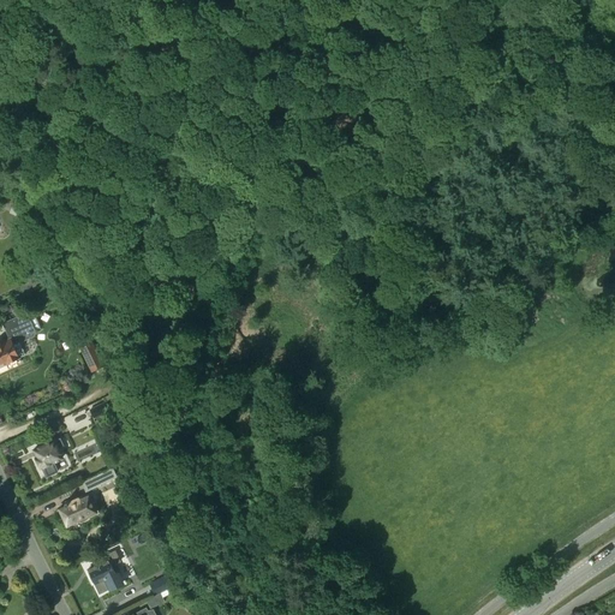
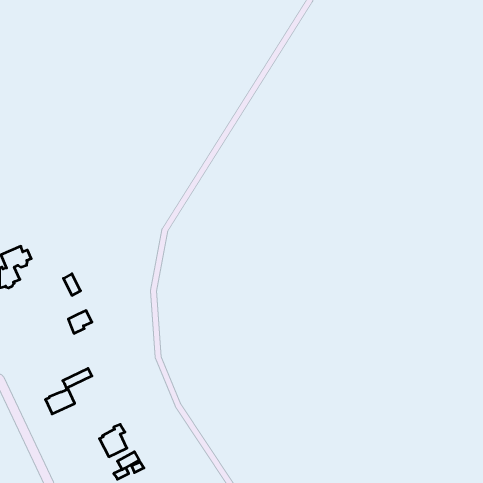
building: [32,438,62,478] -> none
building: [86,553,121,593] -> [99,424,127,457]

